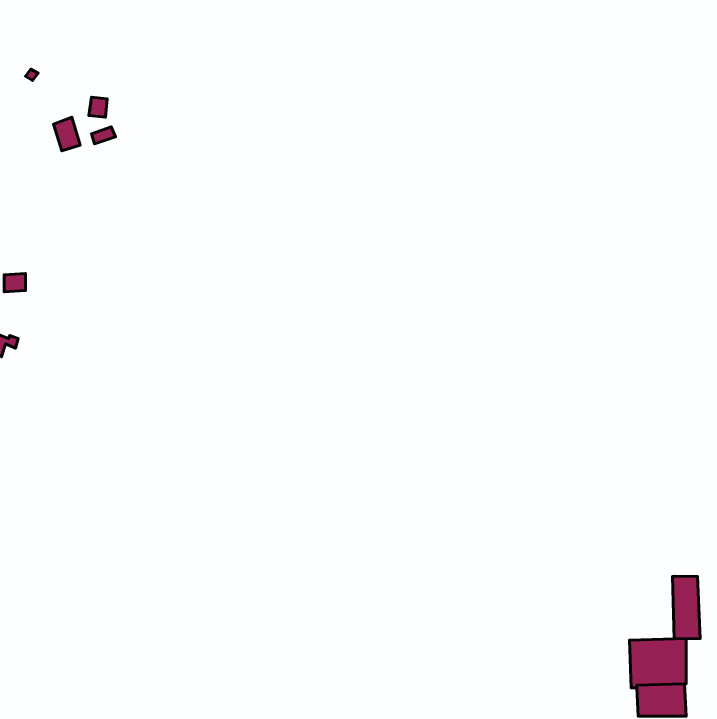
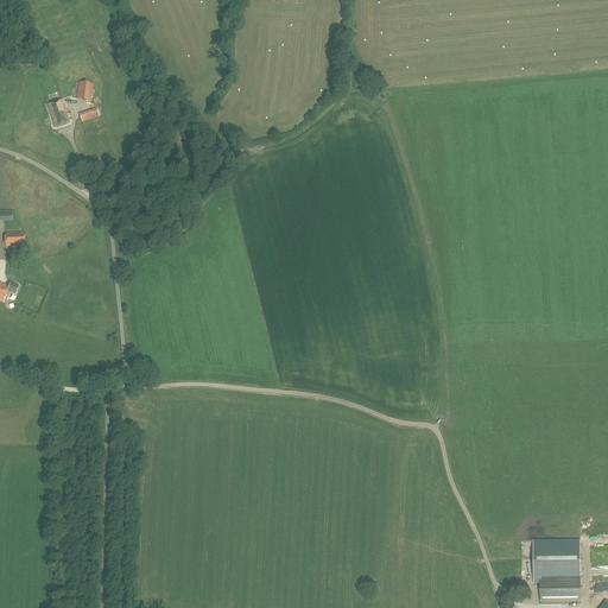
building: [672,576,700,639] -> none

